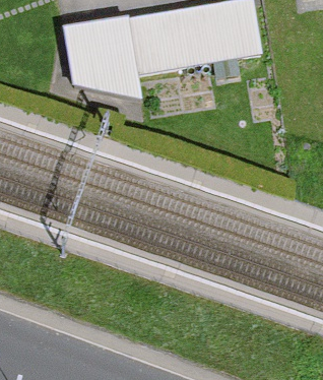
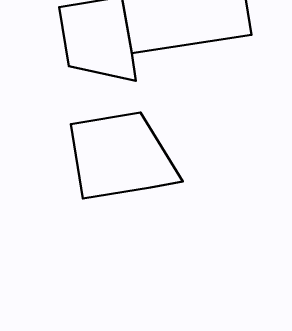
building: none -> [71,112,183,198]

